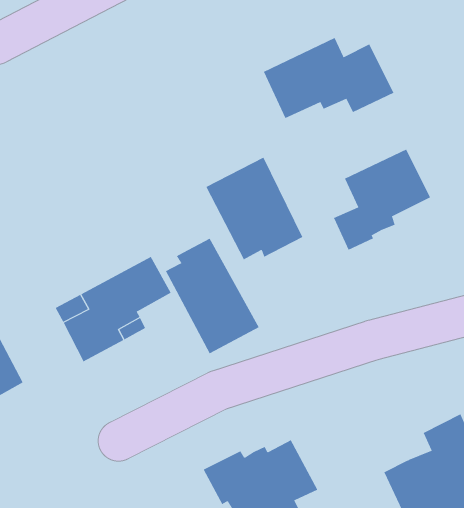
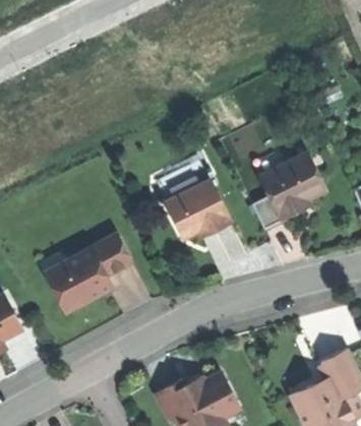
building: [263,37,394,119] -> none
building: [165,238,259,354] -> none

